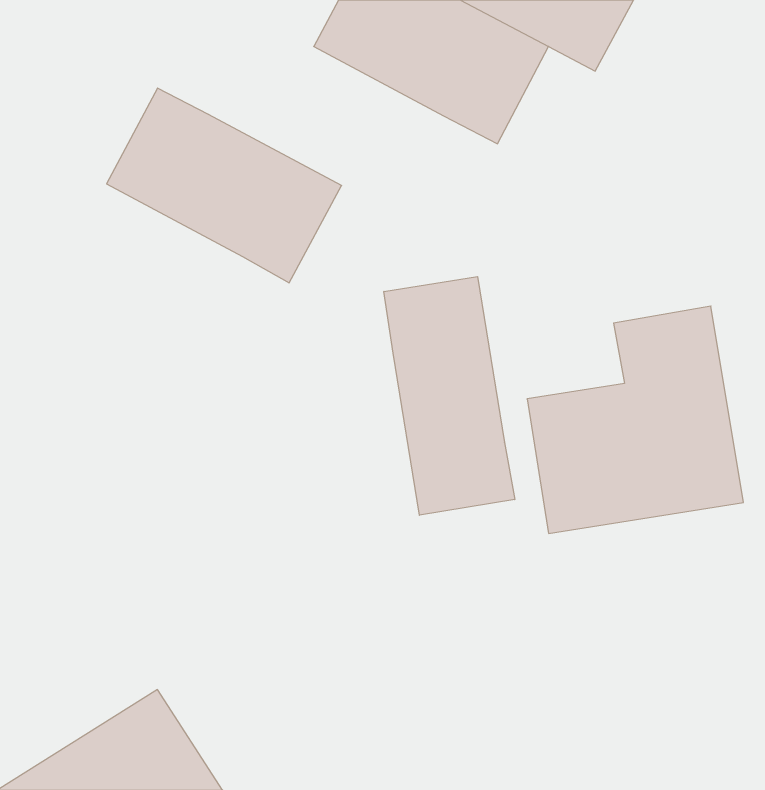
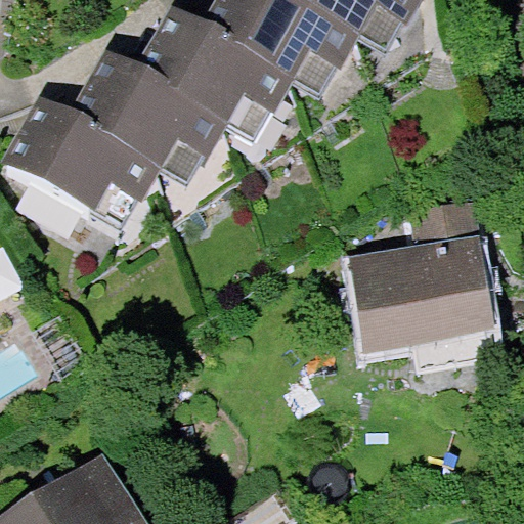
building: none -> [138,12,294,140]
building: none -> [5,105,161,234]
building: [384,277,515,515] -> none

